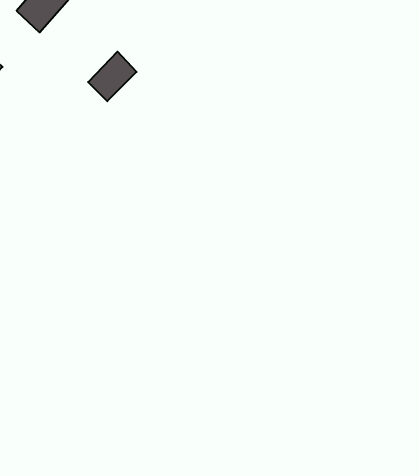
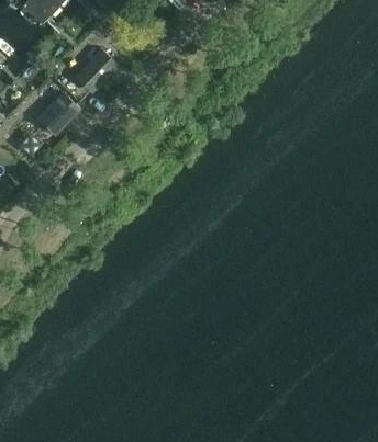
building: none -> [40,92,81,133]

